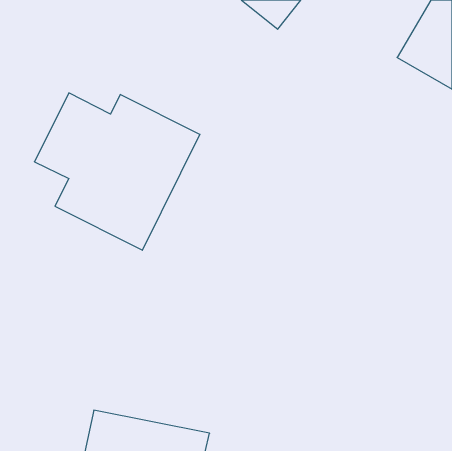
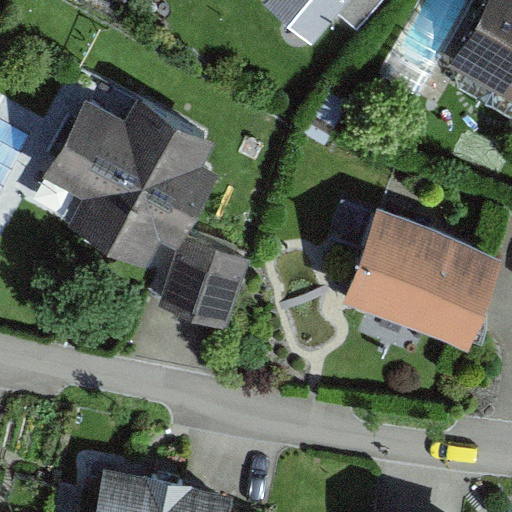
building: none -> [353,209,497,330]
building: none -> [162,247,253,343]

